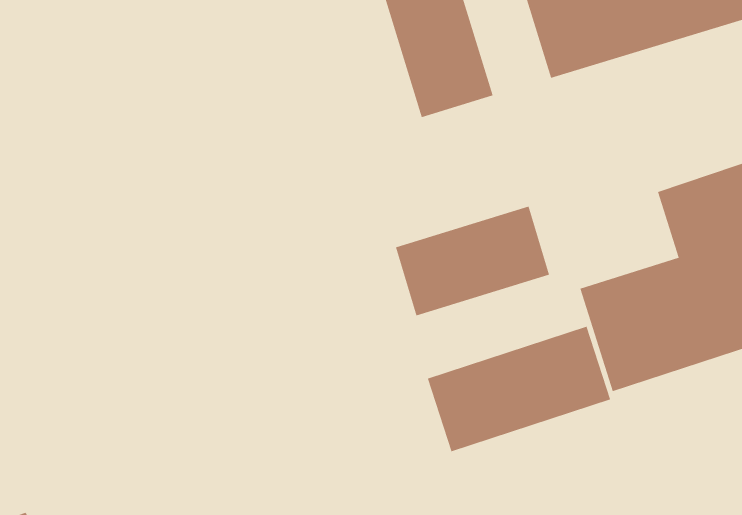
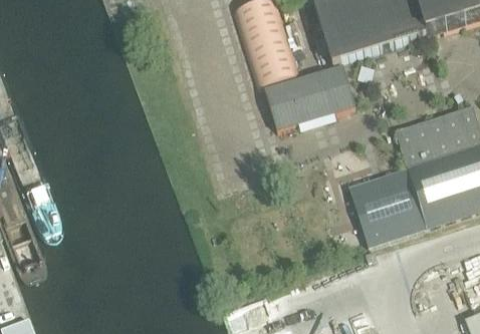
building: [395,206,550,316] -> [264,64,354,128]
building: [427,326,611,452] -> none

